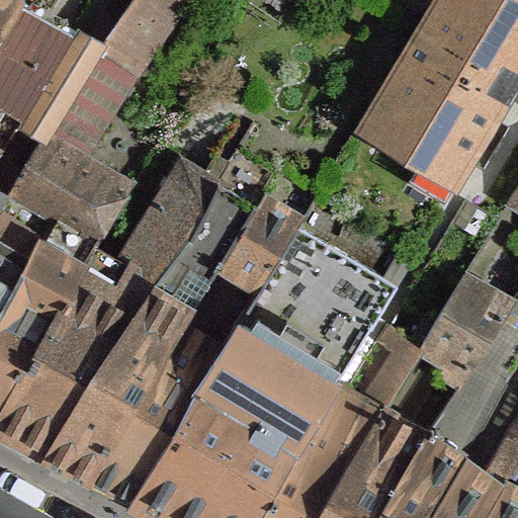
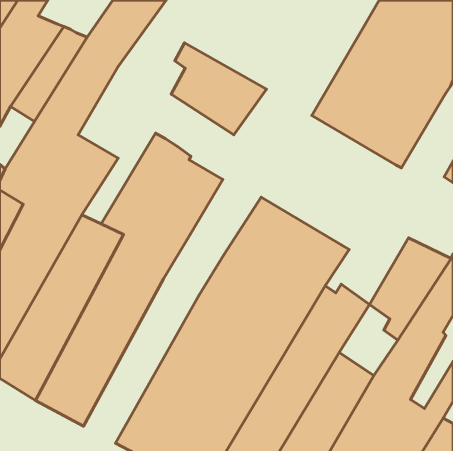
building: none -> [171,43,266,135]
building: [217,192,303,293] -> none
building: [95,321,227,508] -> none

